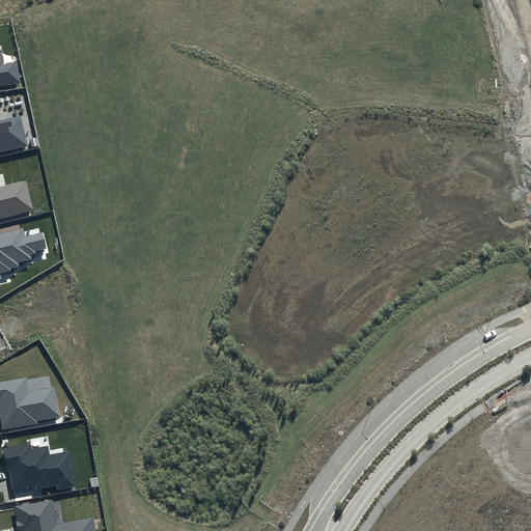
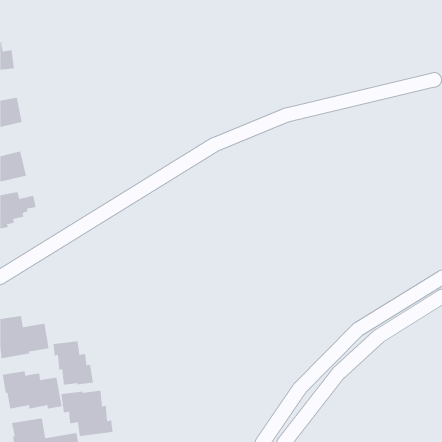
building: none -> [53,341,93,386]
building: none -> [61,390,113,437]

